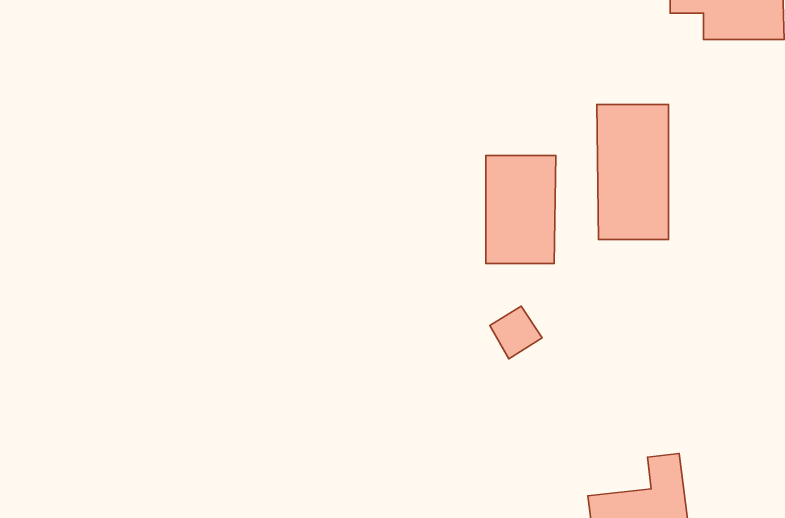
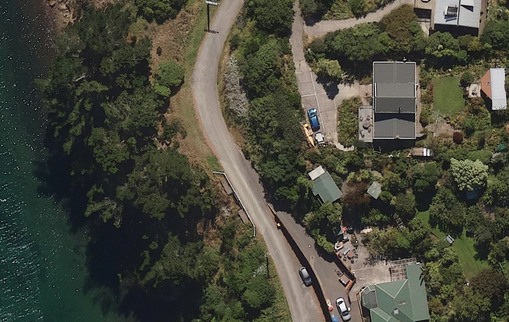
building: [486,156,556,263] -> none

